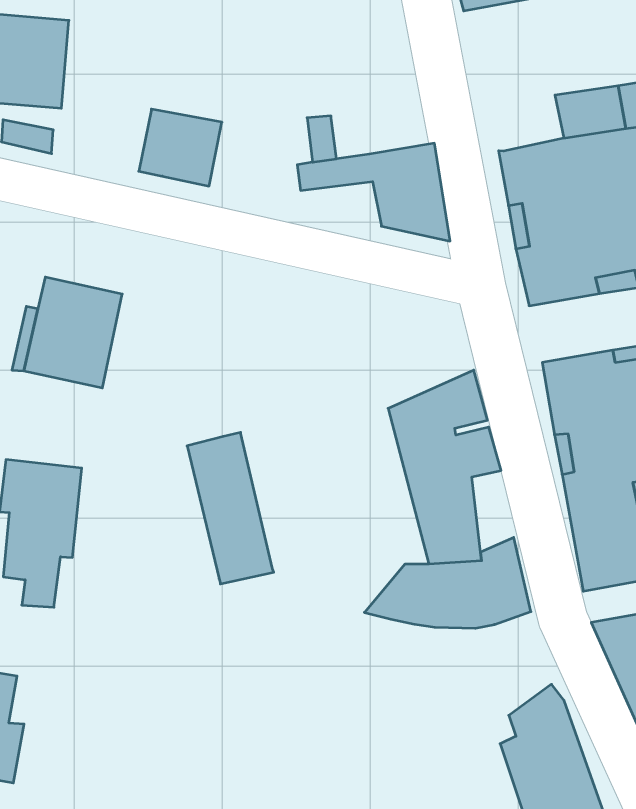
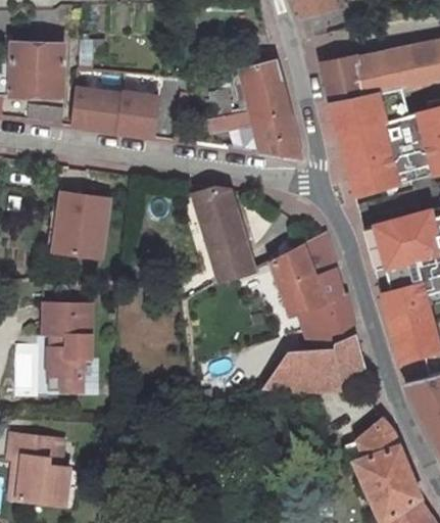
building: none -> [243,58,290,109]
building: none -> [323,56,368,102]
building: none -> [70,86,118,129]
building: [187,432,274,584] -> [197,189,254,281]
building: none -> [326,293,353,344]

